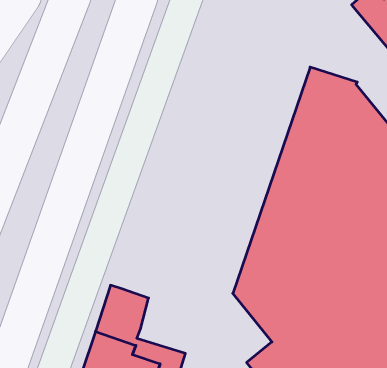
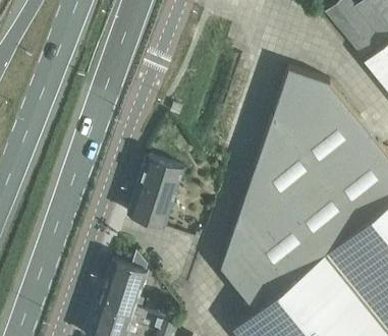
building: none -> [127,158,184,229]

